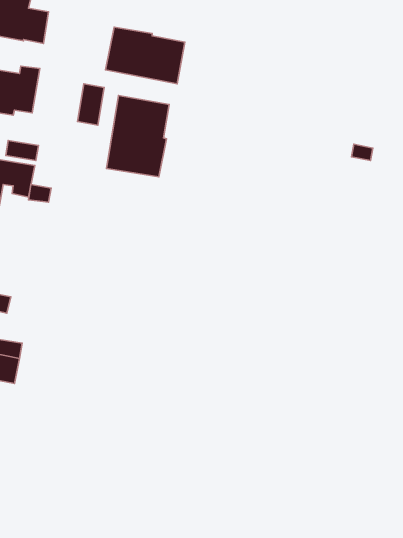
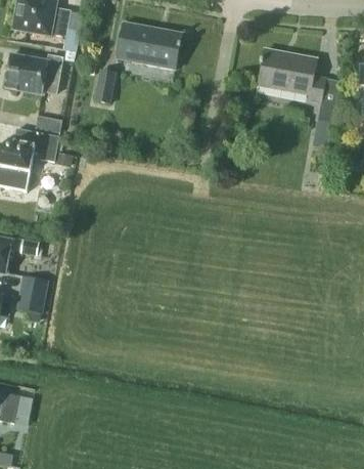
building: none -> [258,50,326,102]
building: [106,96,169,177] -> none

